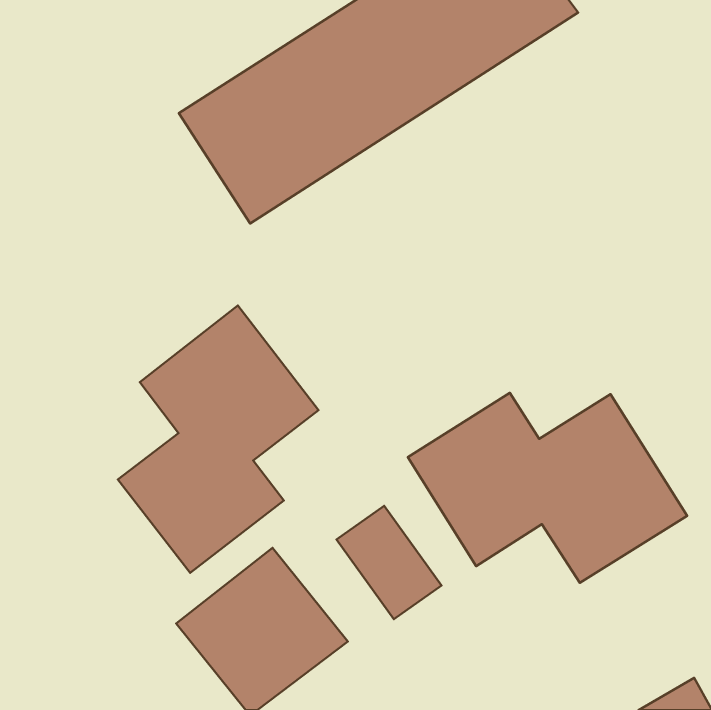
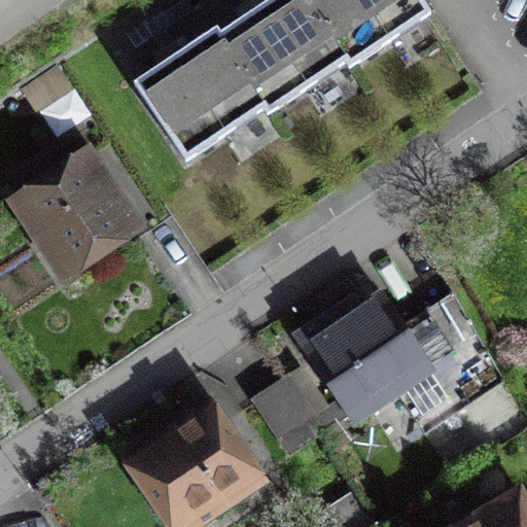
building: none -> [7,147,135,277]
building: [118,306,318,573] -> none

